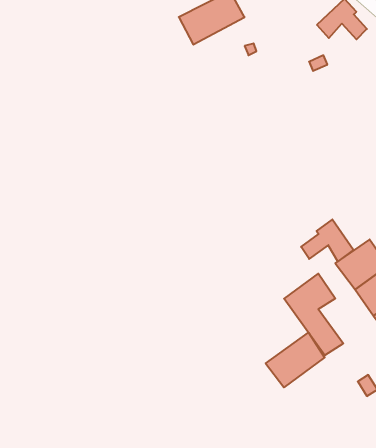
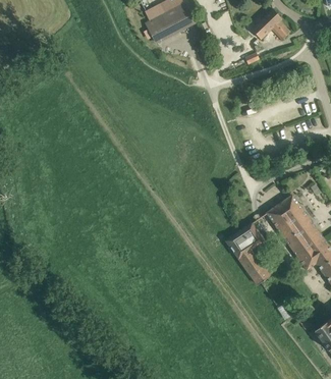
building: [301,219,354,261] -> none
building: [266,333,325,387] -> none

